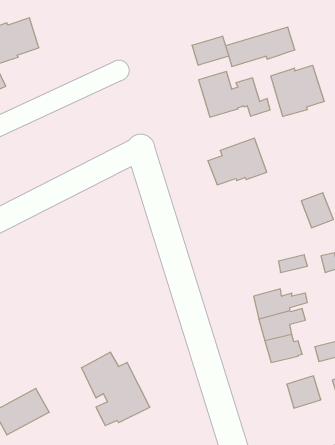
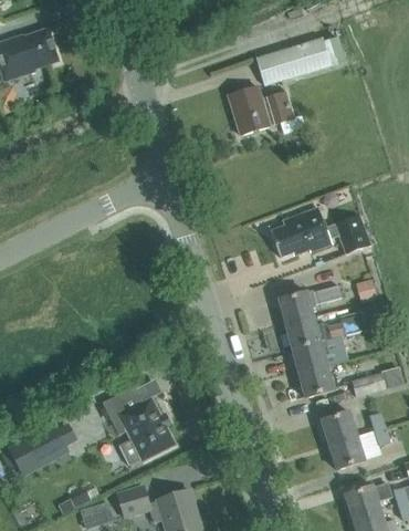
building: [192,36,229,65] -> none
building: [271,65,324,117] -> none
building: [208,138,267,185] -> [270,207,333,257]
building: none -> [279,291,316,326]
building: none -> [329,437,365,469]

